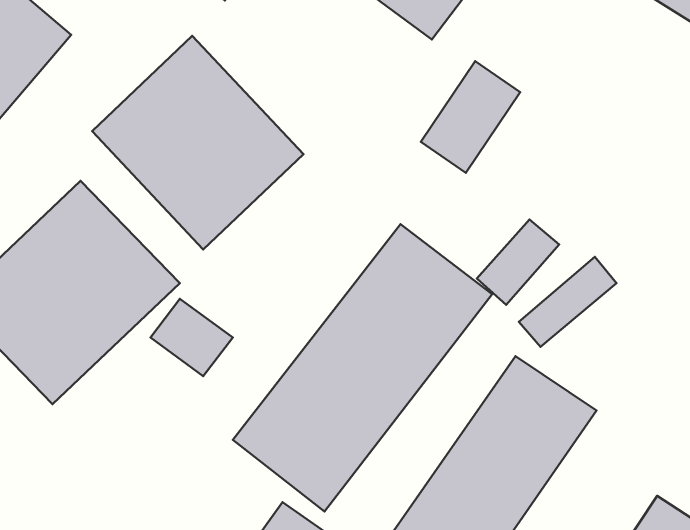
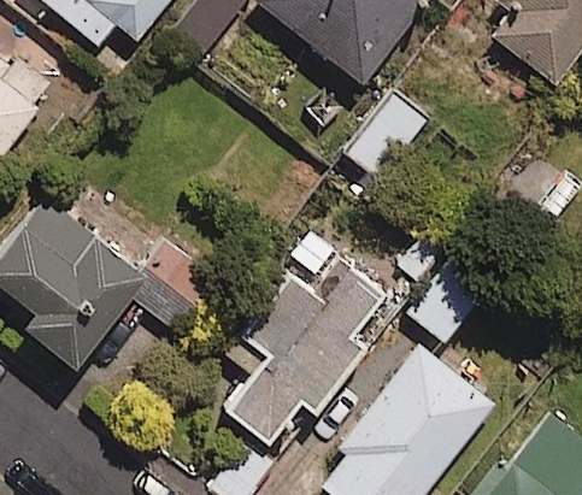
building: [92,36,303,249] -> none

